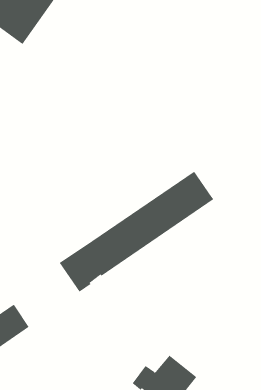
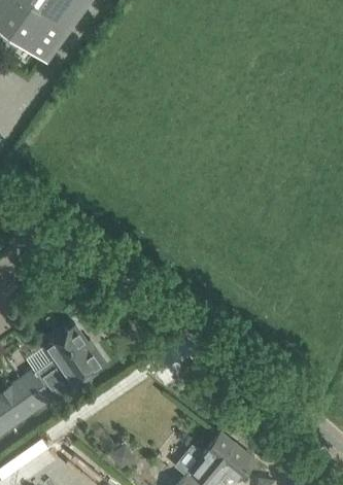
building: [59,171,214,292] -> none
building: none -> [26,325,105,400]

